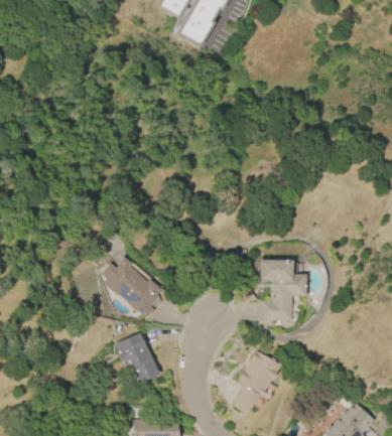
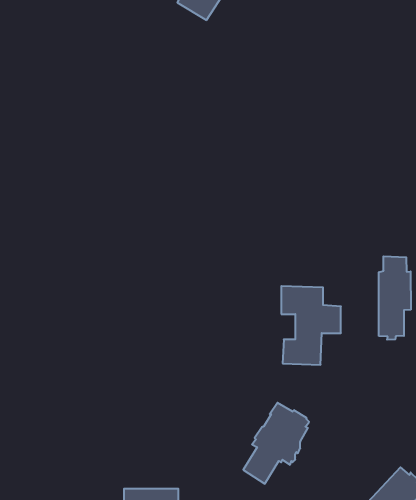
building: none -> [379,256,411,340]
building: [101,256,161,317] -> none
building: [116,331,158,382] -> none

